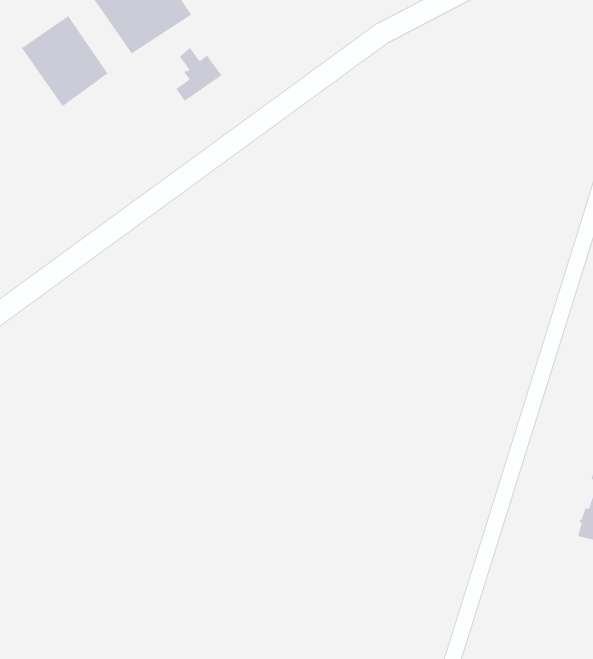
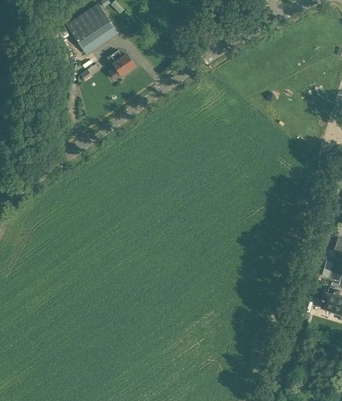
building: [21,15,109,107] -> none

